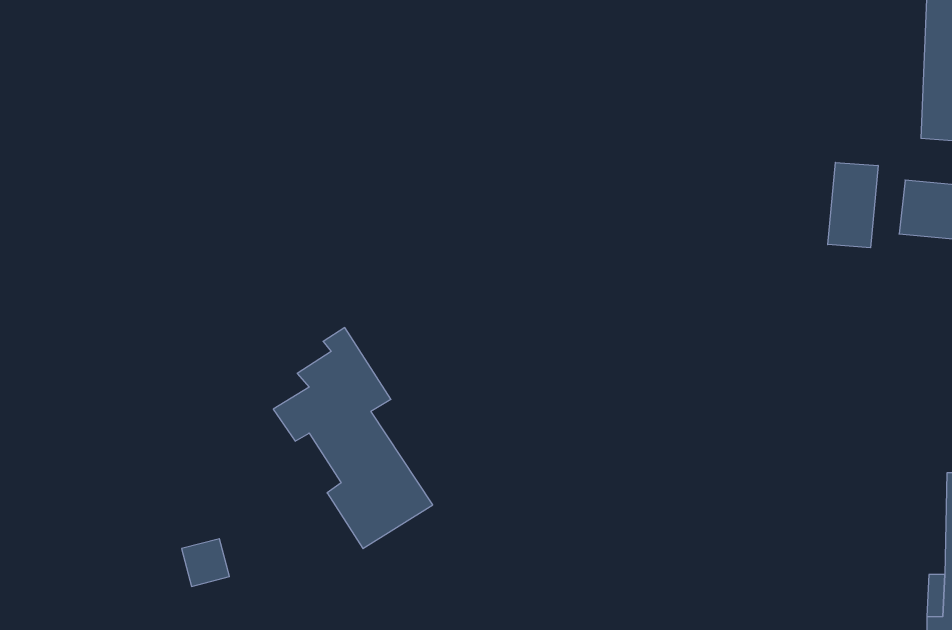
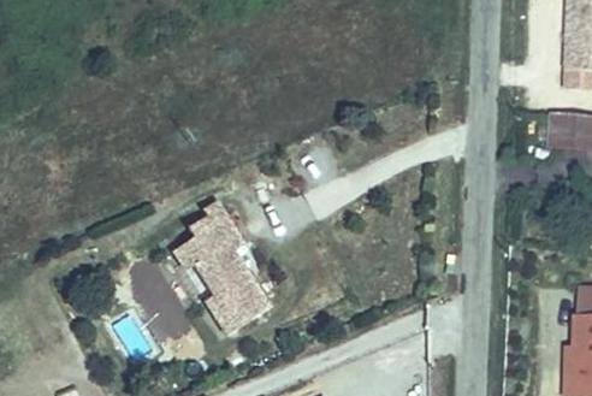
building: [828,162,878,248] -> none

